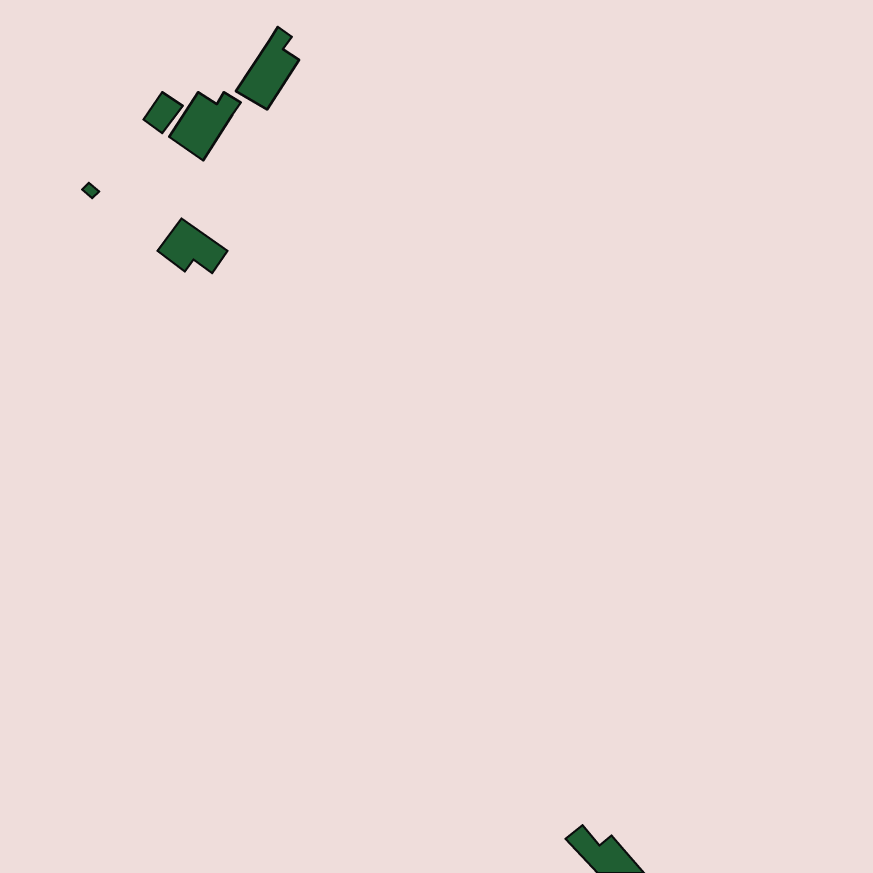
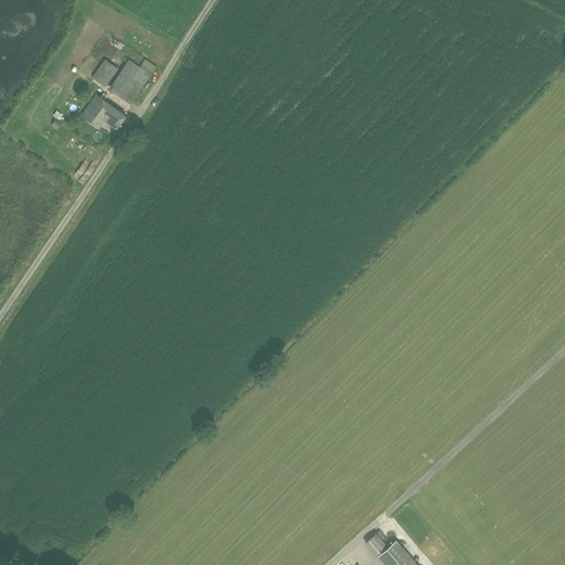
building: [236,27,299,110] -> none
building: [158,218,228,273] -> [81,95,126,130]

